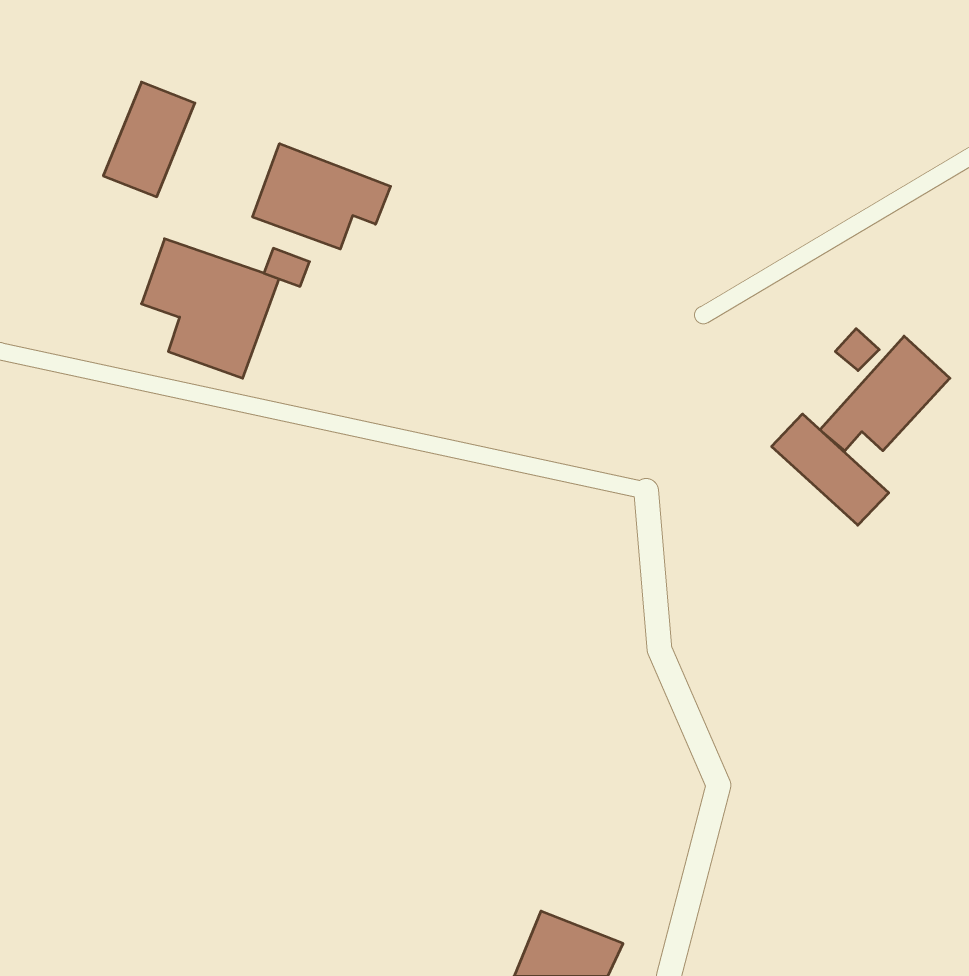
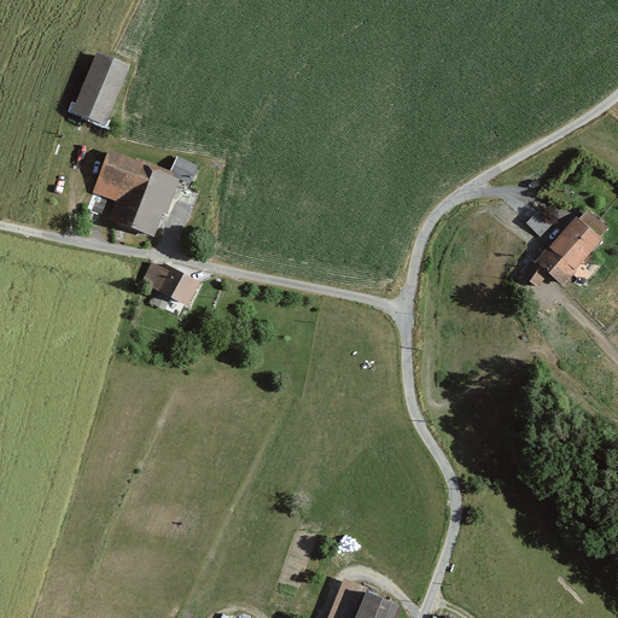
building: [253,144,391,249] -> none
building: none -> [141,261,199,307]
building: [772,414,889,525] -> none

